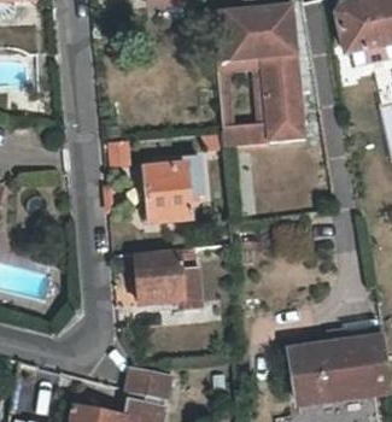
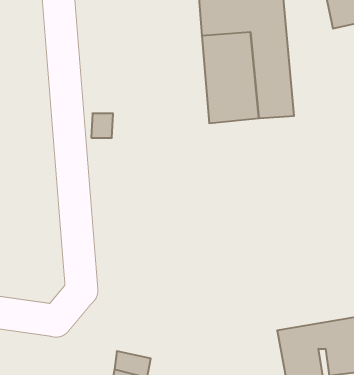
building: [146,157,205,219] -> none
building: [135,252,199,307] -> none

